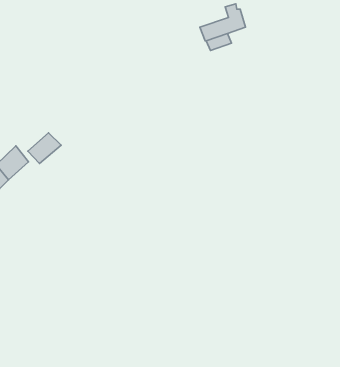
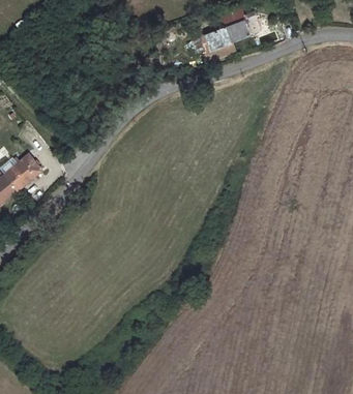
building: [28,133,61,163] -> none

